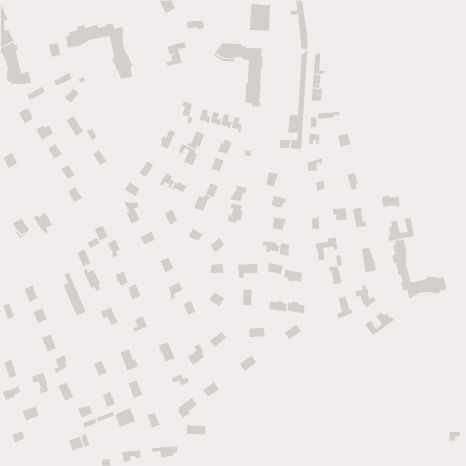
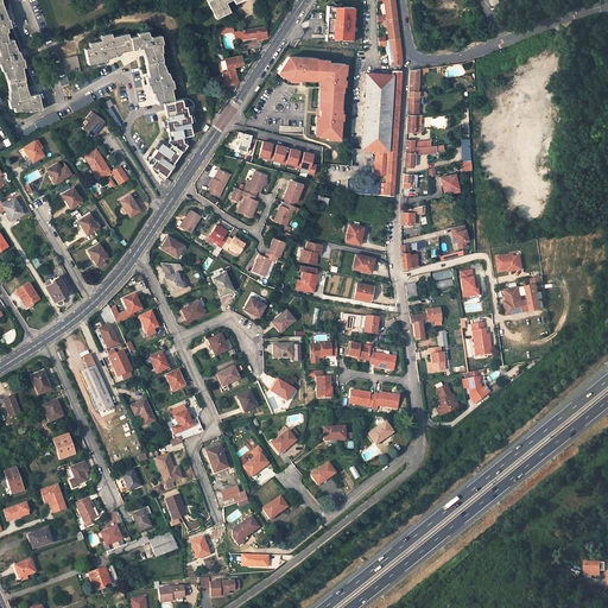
building: none -> [361,72,392,150]
building: none -> [150,97,191,179]
building: [392,239,447,299] -> none
building: [364,312,395,336] -> none

